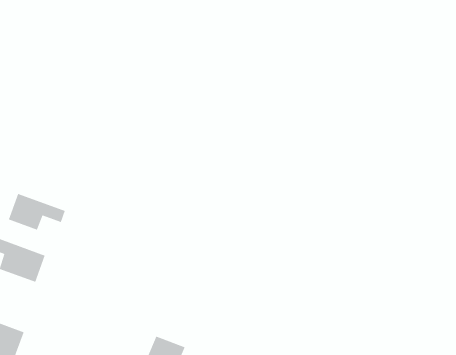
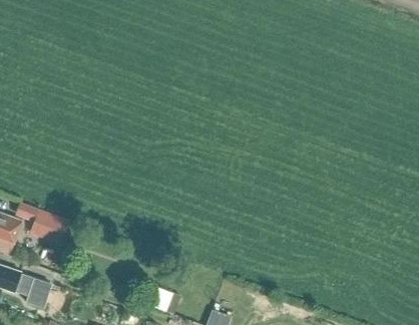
building: [8,193,65,231] -> none

